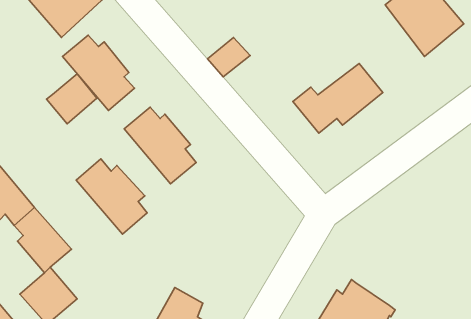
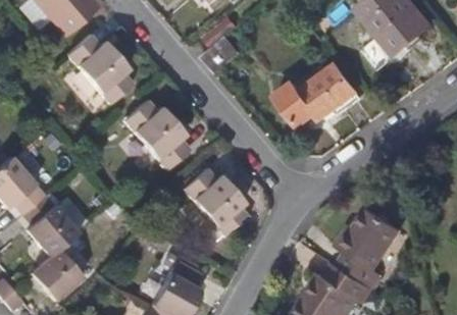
building: [46,74,97,124] -> none
building: [76,159,147,234] -> [185,170,249,239]
building: none -> [336,202,401,285]

